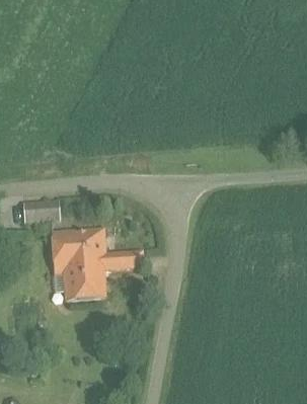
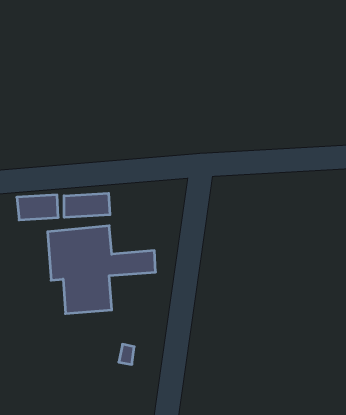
building: none -> [64,193,110,217]

